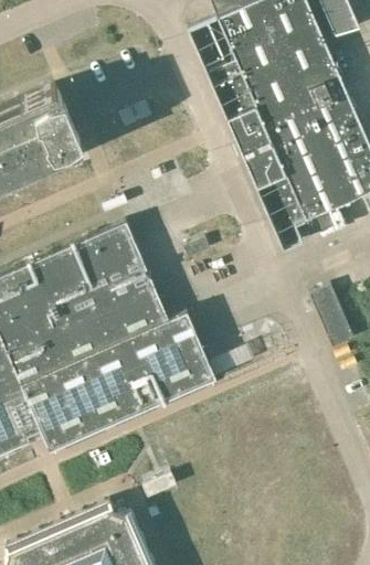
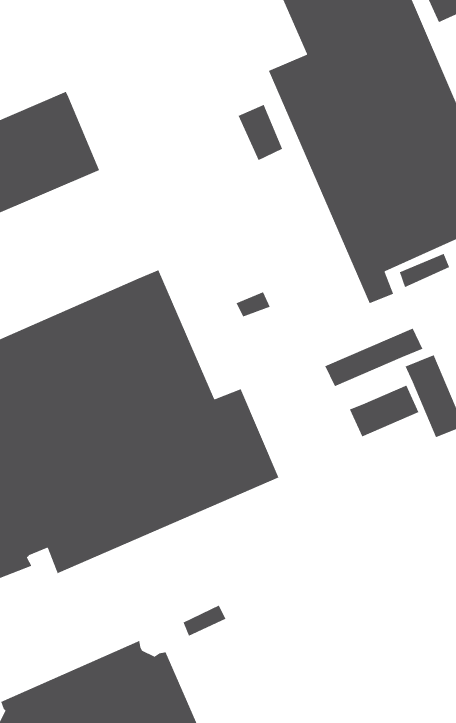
building: [190,25,224,68] -> [238,104,283,161]
building: none -> [324,328,424,387]
building: none -> [349,384,420,437]

